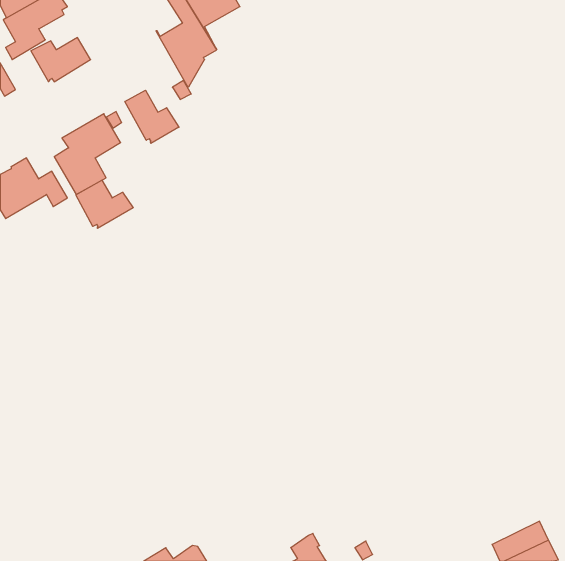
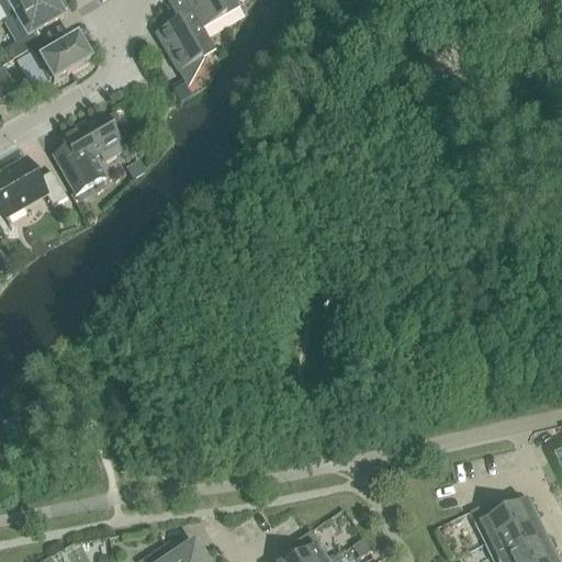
building: [125,90,179,143] -> none
building: [76,180,133,228] -> none
building: none -> [469,497,536,541]

